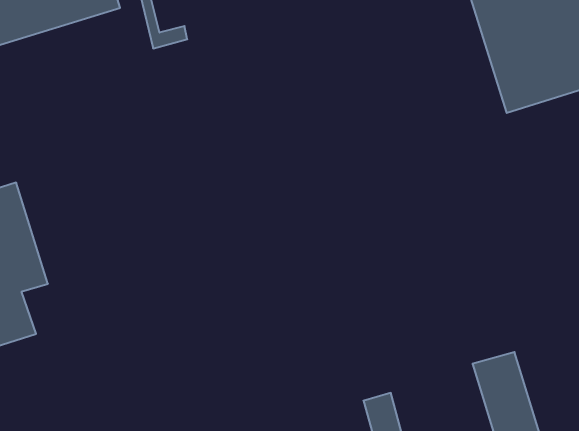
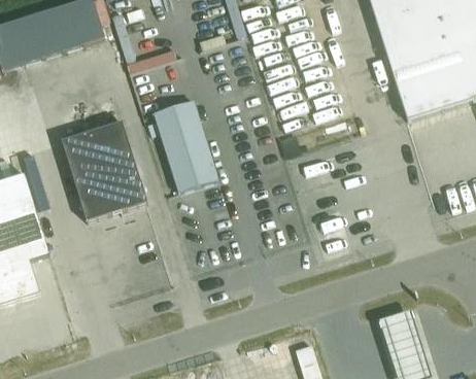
building: none -> [154,99,218,191]
building: none -> [62,122,147,219]

